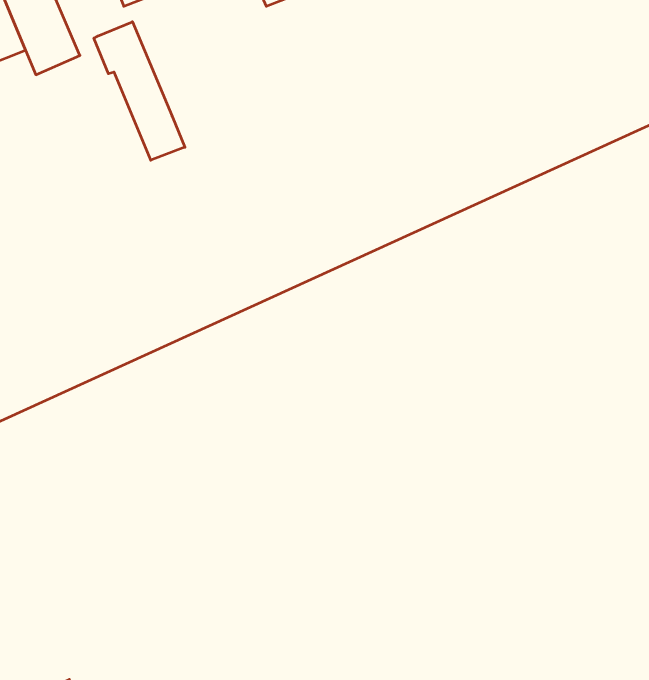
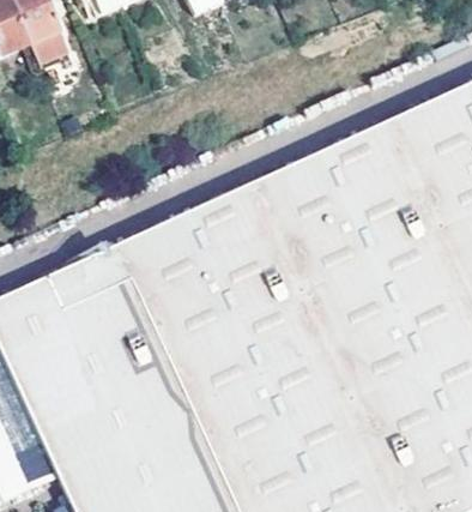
building: [94,22,185,160] -> none

